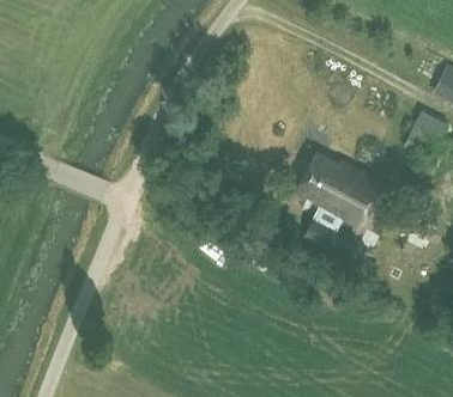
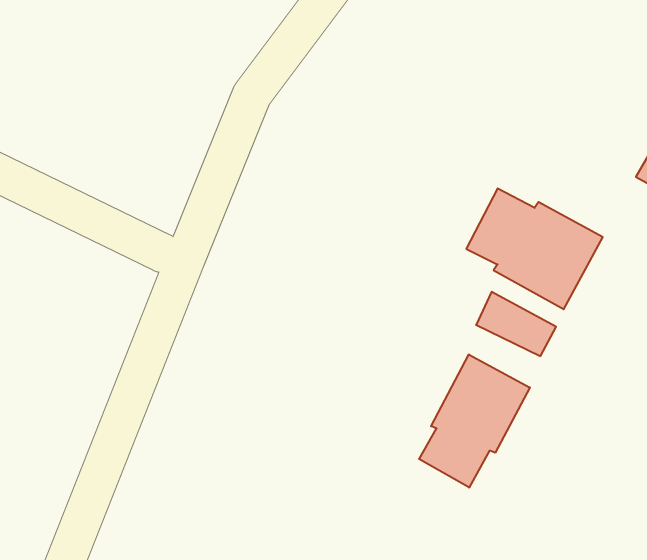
building: none -> [419,354,530,488]

